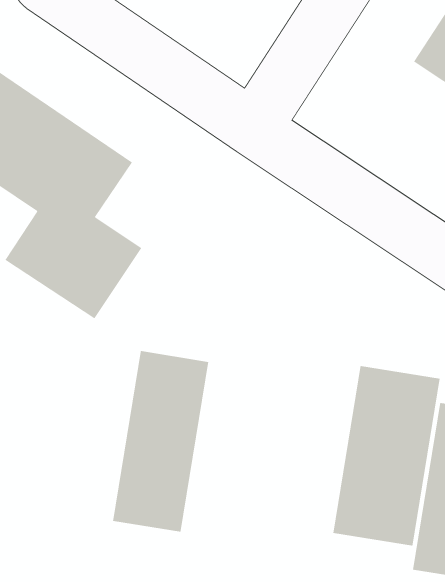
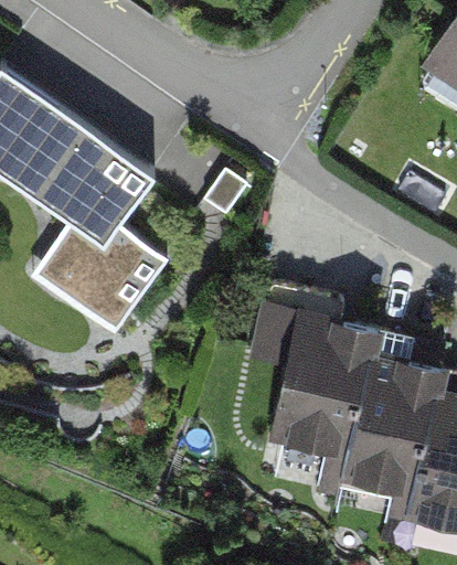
building: none -> [274,311,374,479]
building: [112,350,209,533] -> none

